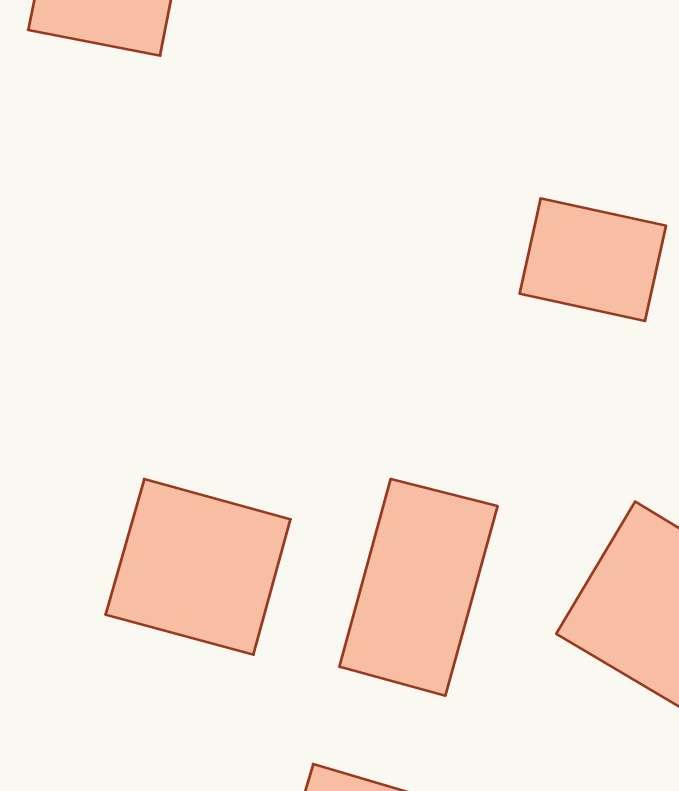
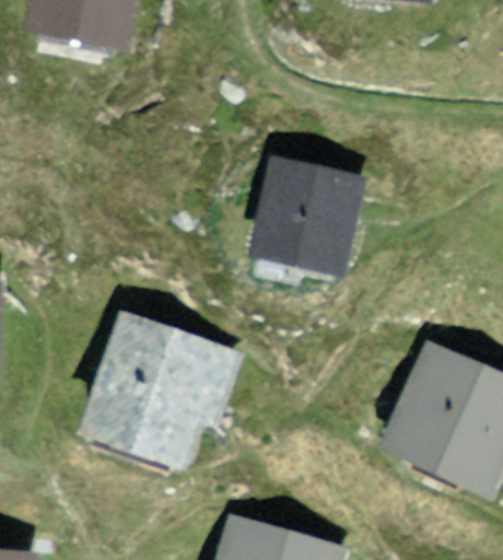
building: [520,199,666,321] -> [256,174,355,257]
building: [340,479,497,696] -> none

